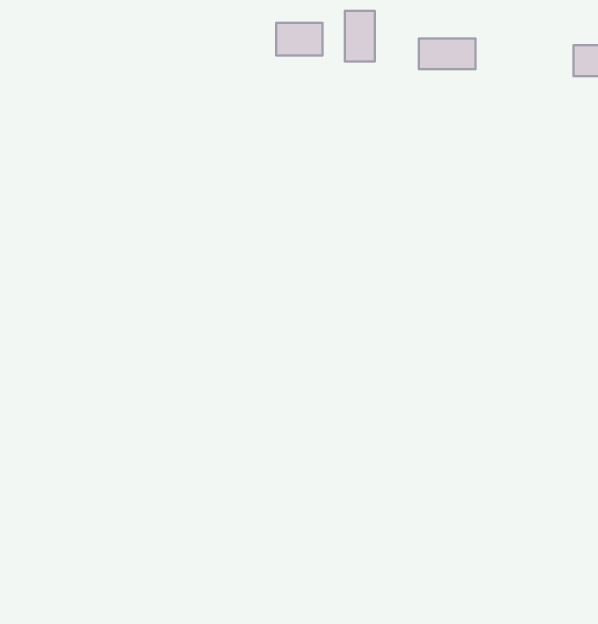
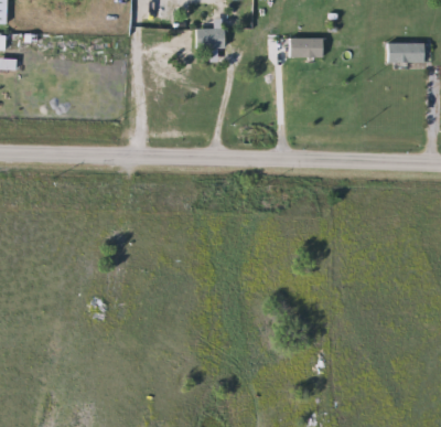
building: [345,11,375,61] -> none

